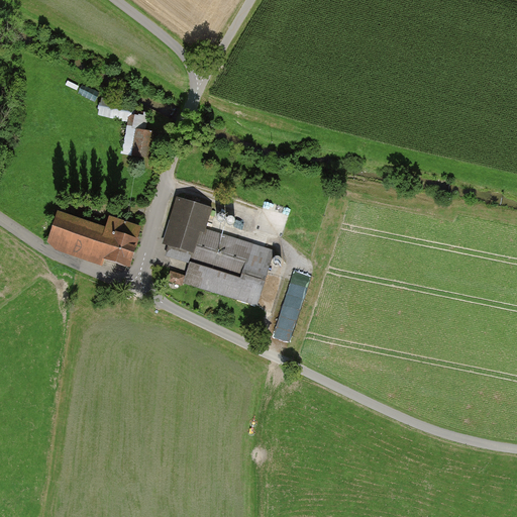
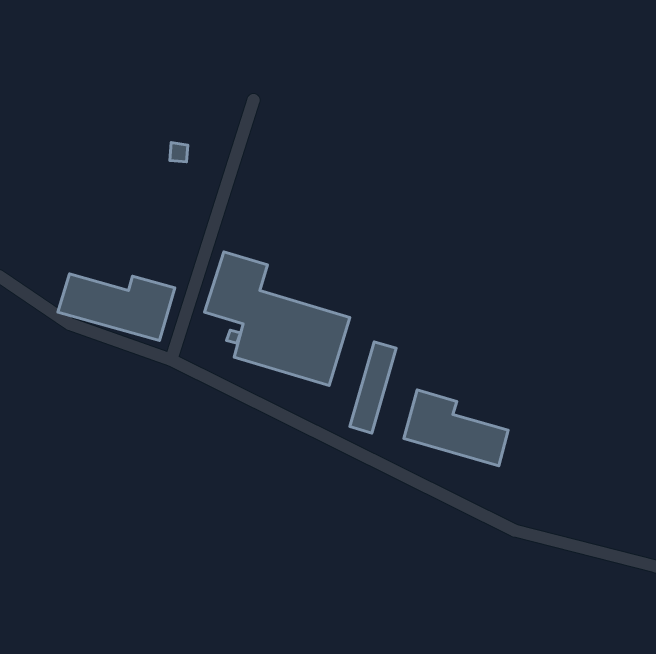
building: [129,128,148,159] -> none
building: none -> [404,390,508,466]

